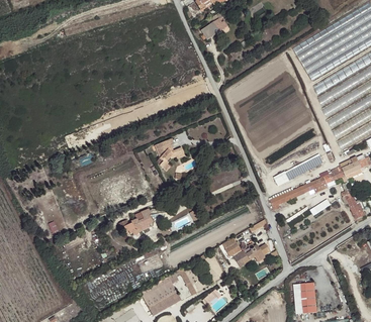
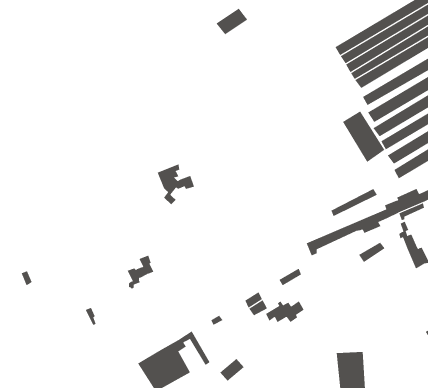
building: none -> [342,110,385,163]

